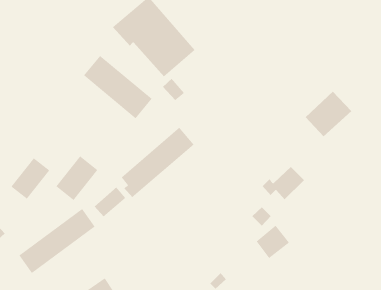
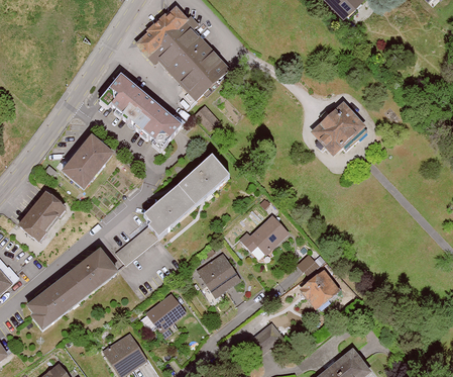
building: [305,91,352,137] -> [312,102,366,156]
building: [55,155,98,201] -> [63,136,112,189]
building: [262,166,305,200] -> [238,215,288,255]
building: none -> [197,253,240,297]
building: none -> [145,292,185,332]

